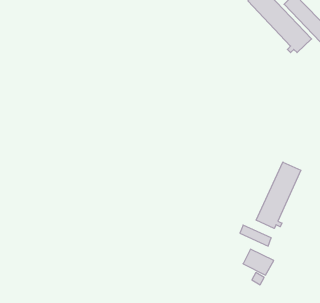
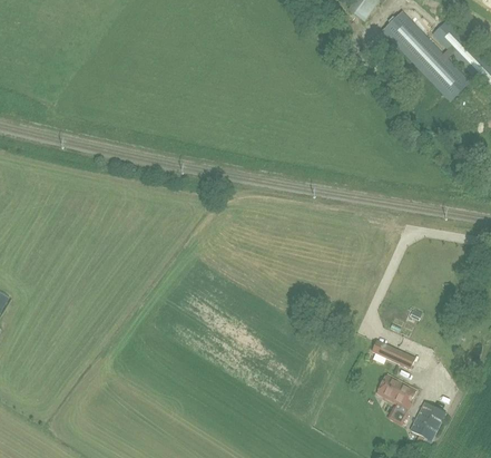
building: [256,162,301,228] -> none
building: none -> [409,400,444,440]

